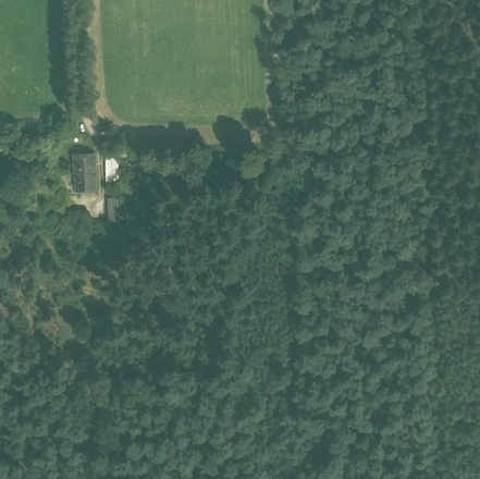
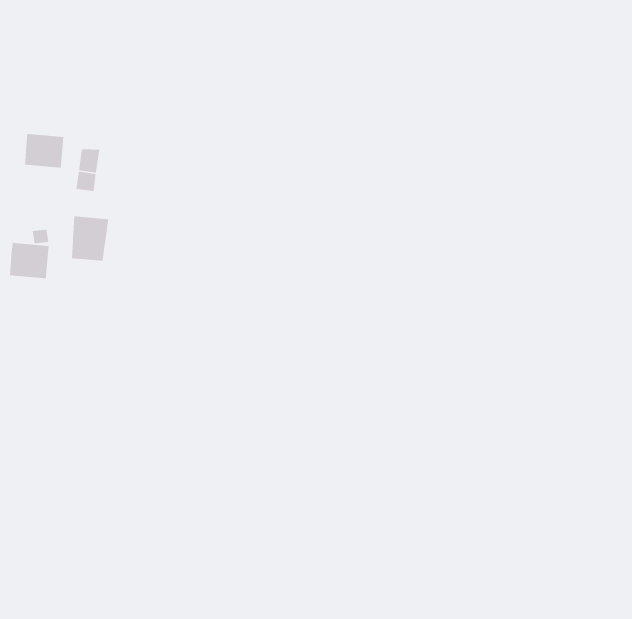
building: [73,172,96,193] -> [9,242,49,279]

